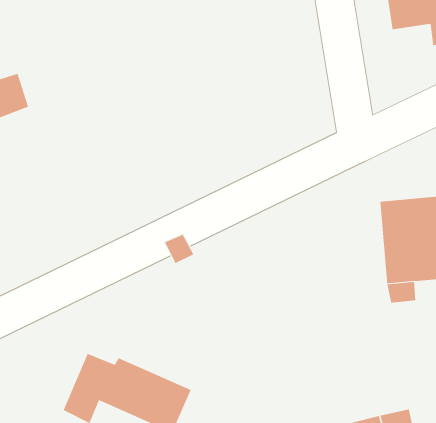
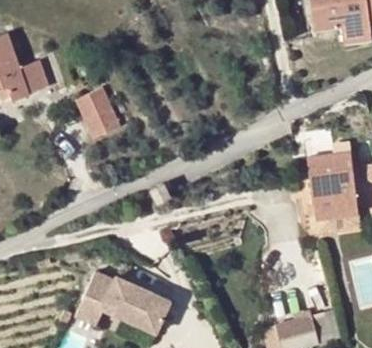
building: none -> [77,91,120,140]

